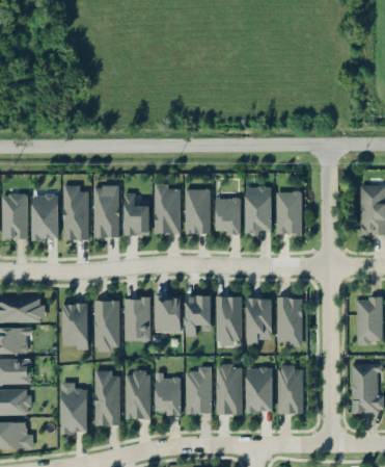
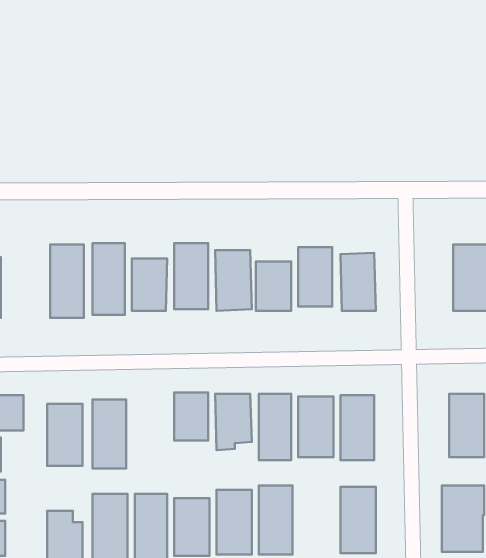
building: [32,196,58,240] -> none
building: [125,299,149,340] -> none
building: [246,367,272,413] -> none

